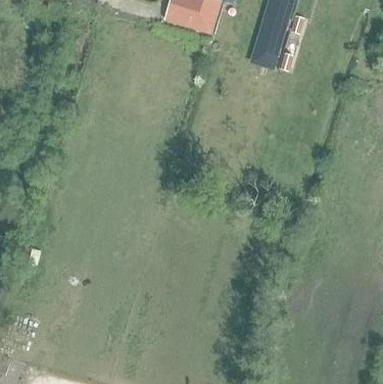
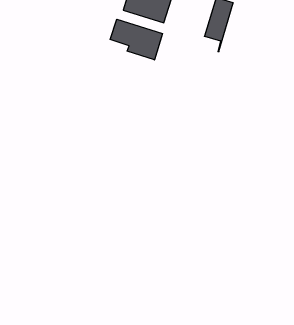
building: none -> [110,19,163,60]

